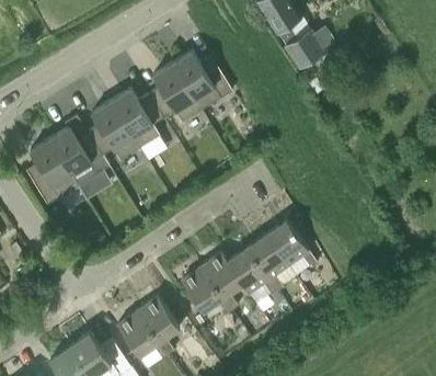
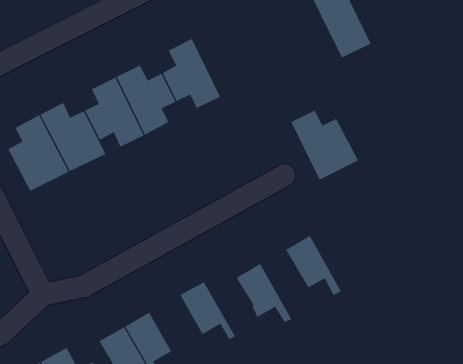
building: [172,53,232,112] -> [291,110,359,180]
building: [246,236,288,294] -> none
building: [200,254,243,312] -> none

